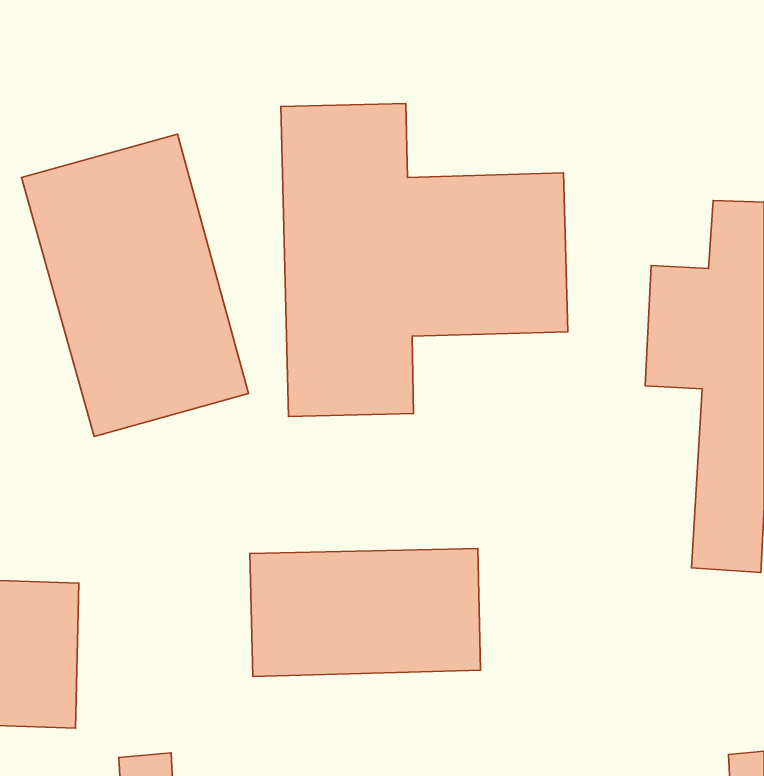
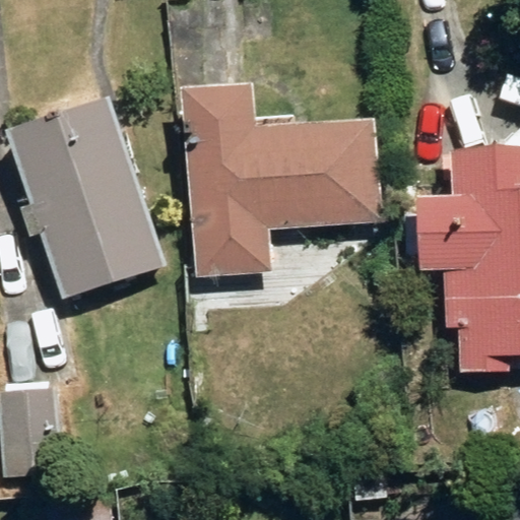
building: [250,548,481,676] -> none

